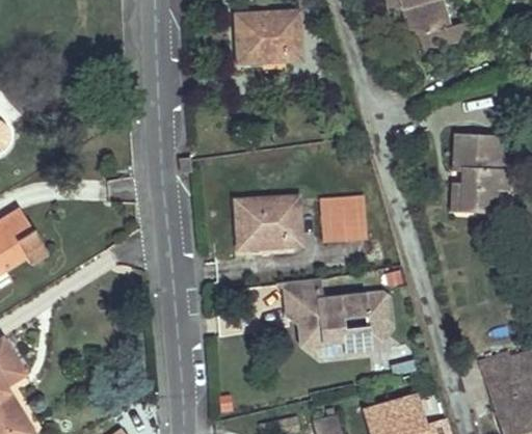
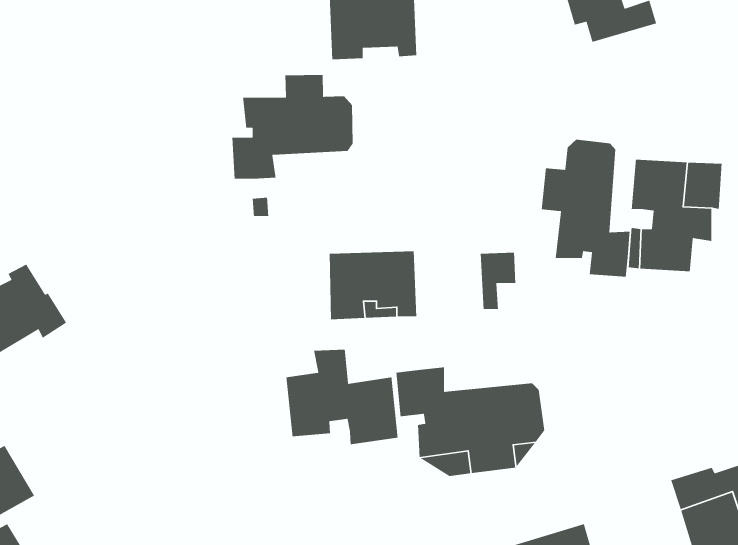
building: none -> [232,74,353,180]
building: none -> [541,139,631,278]
building: [321,199,346,241] -> none
building: none -> [285,349,399,445]

